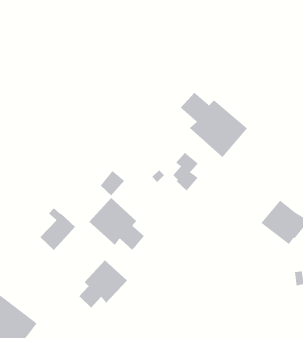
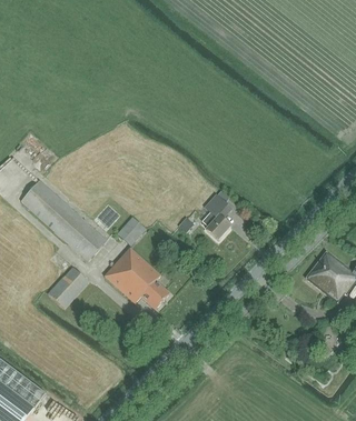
building: [180,92,248,158] -> none
building: none -> [20,179,106,261]
building: [79,259,128,309] -> none

